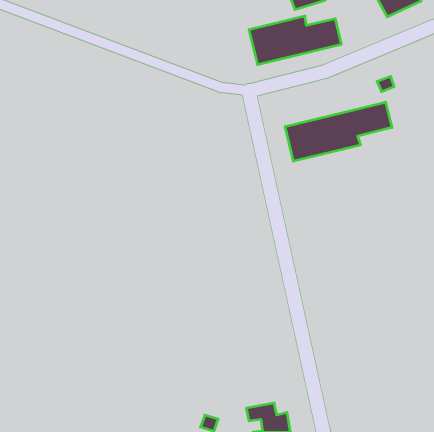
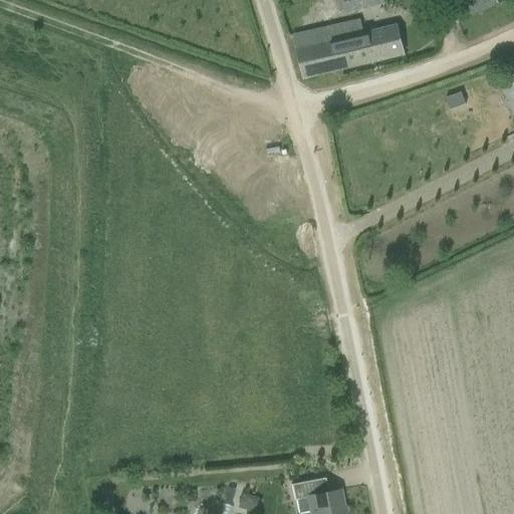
building: [285,102,392,161] -> none

